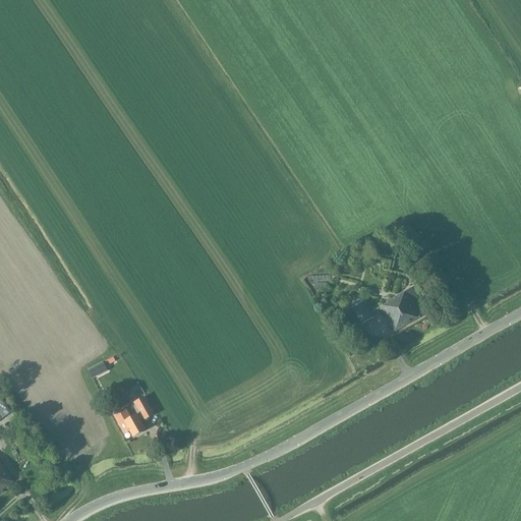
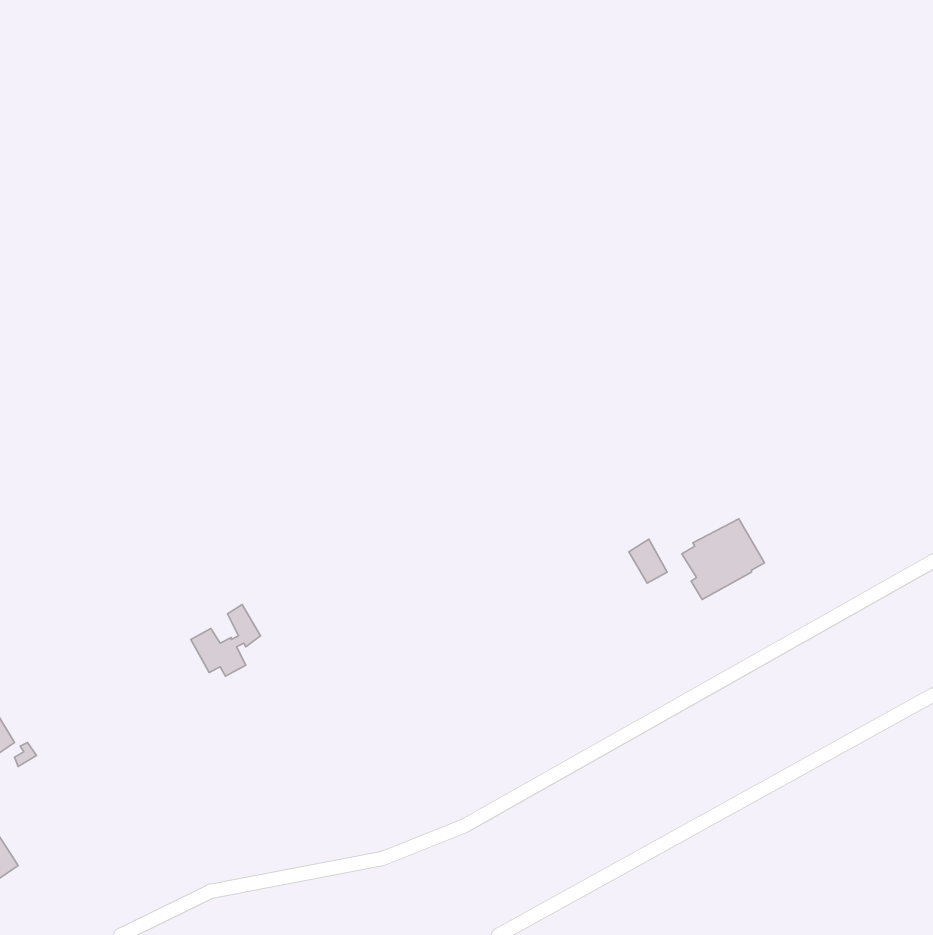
building: [112,396,151,436] -> [191,605,260,676]

